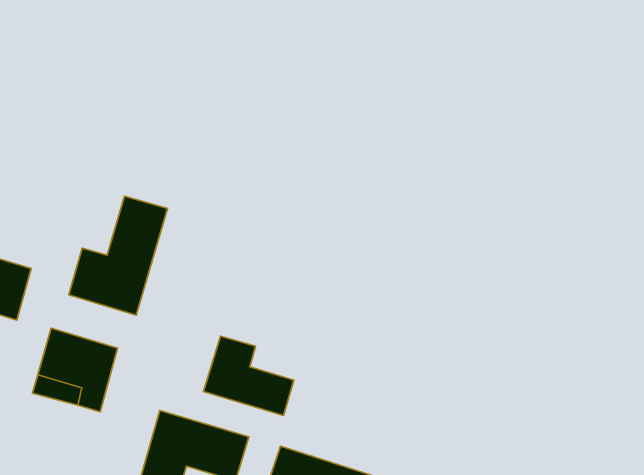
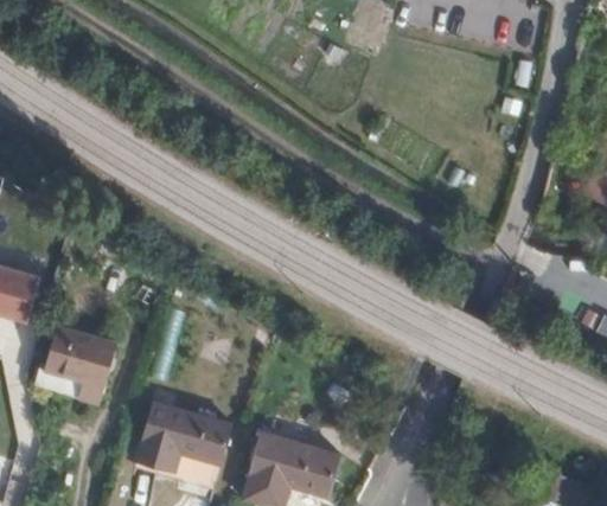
building: [69,196,167,315] -> none
building: [203,336,294,416] -> none

